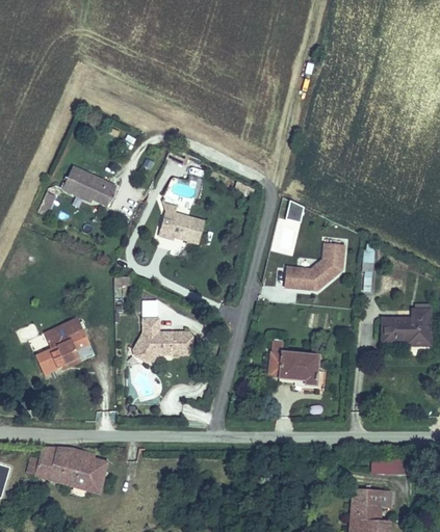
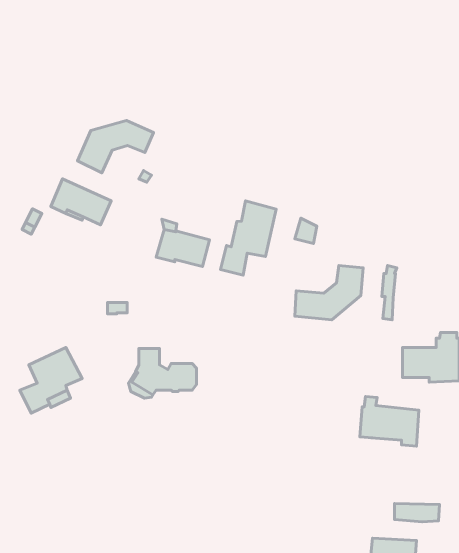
building: none -> [78,120,153,173]
building: none -> [221,201,276,275]
building: [268,340,321,384] -> [360,396,419,446]
building: [26,445,109,494] -> none

